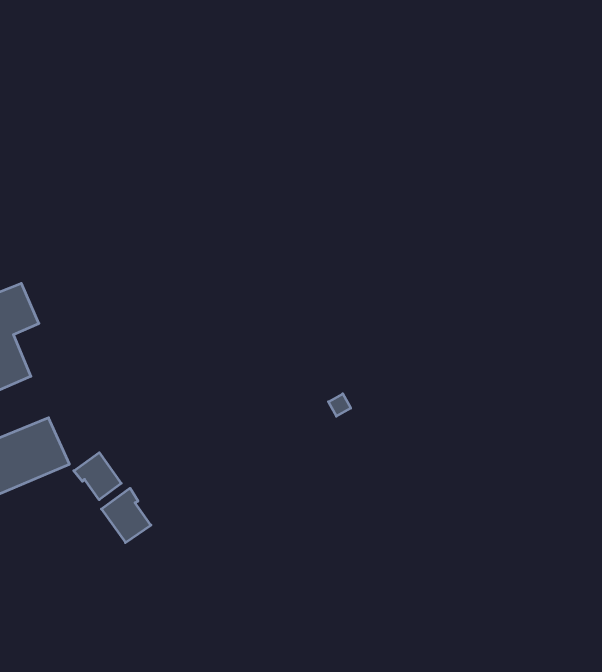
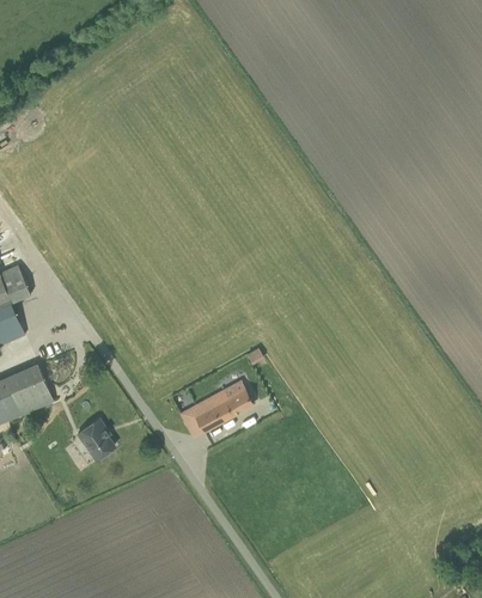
building: none -> [183,389,251,434]
building: [74,453,121,500] -> none

